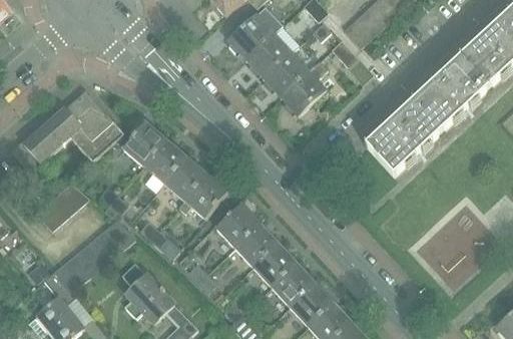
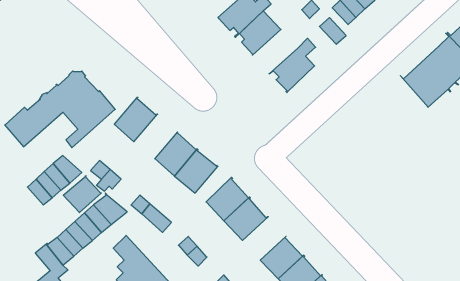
building: [263,52,309,97] -> none
building: [365,99,441,176] -> none
building: [142,138,186,184] -> none
building: none -> [63,176,101,213]
building: [252,243,297,287] -> none

